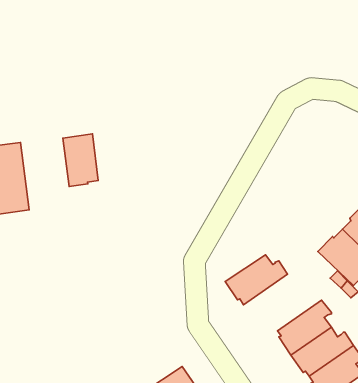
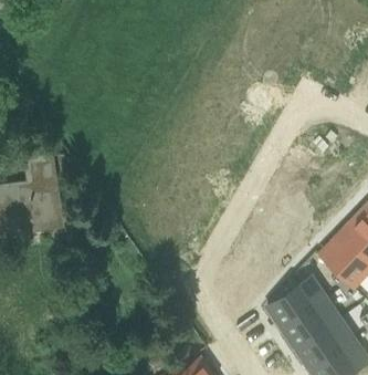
building: [63,134,98,186] -> none
building: [225,255,288,305] -> [267,281,324,326]

